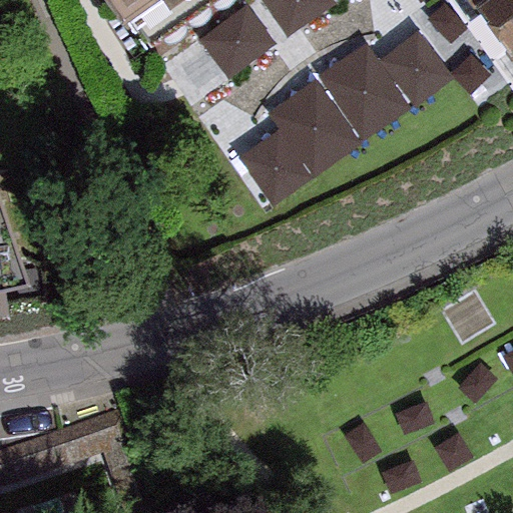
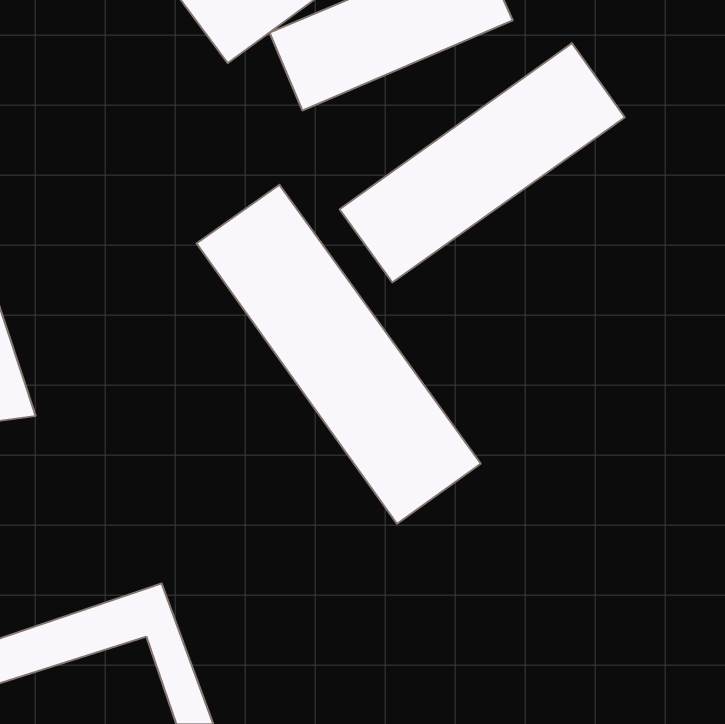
building: none -> [196,185,481,524]

